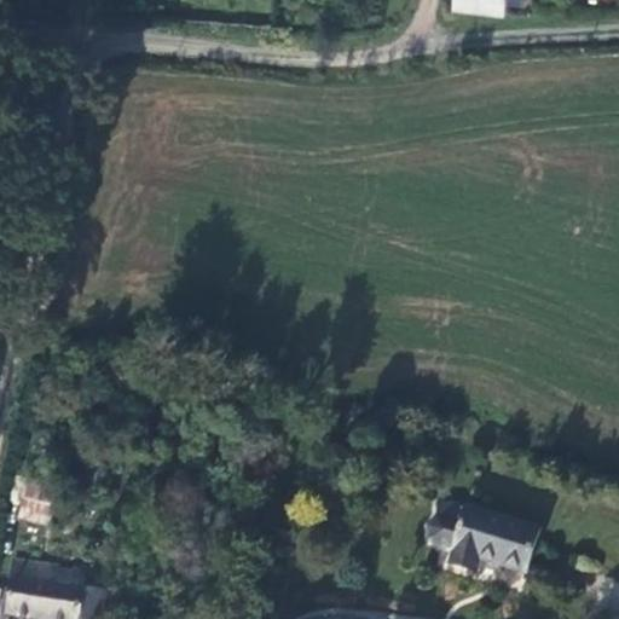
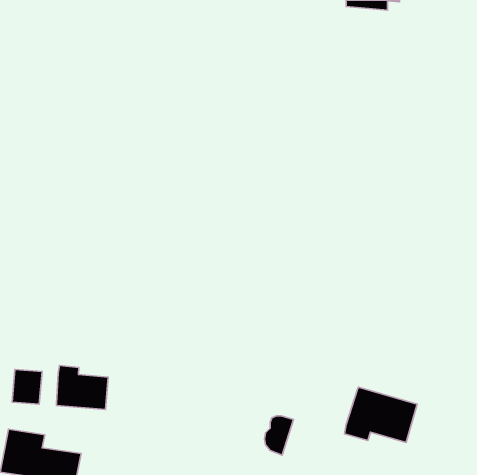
building: none -> [56,366,108,410]
building: [426,502,463,553] -> [265,416,293,455]

